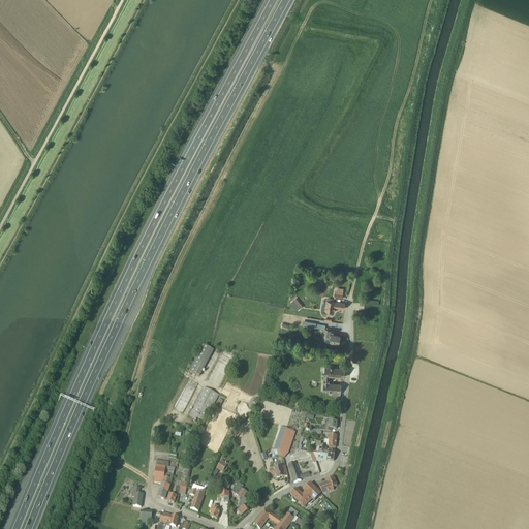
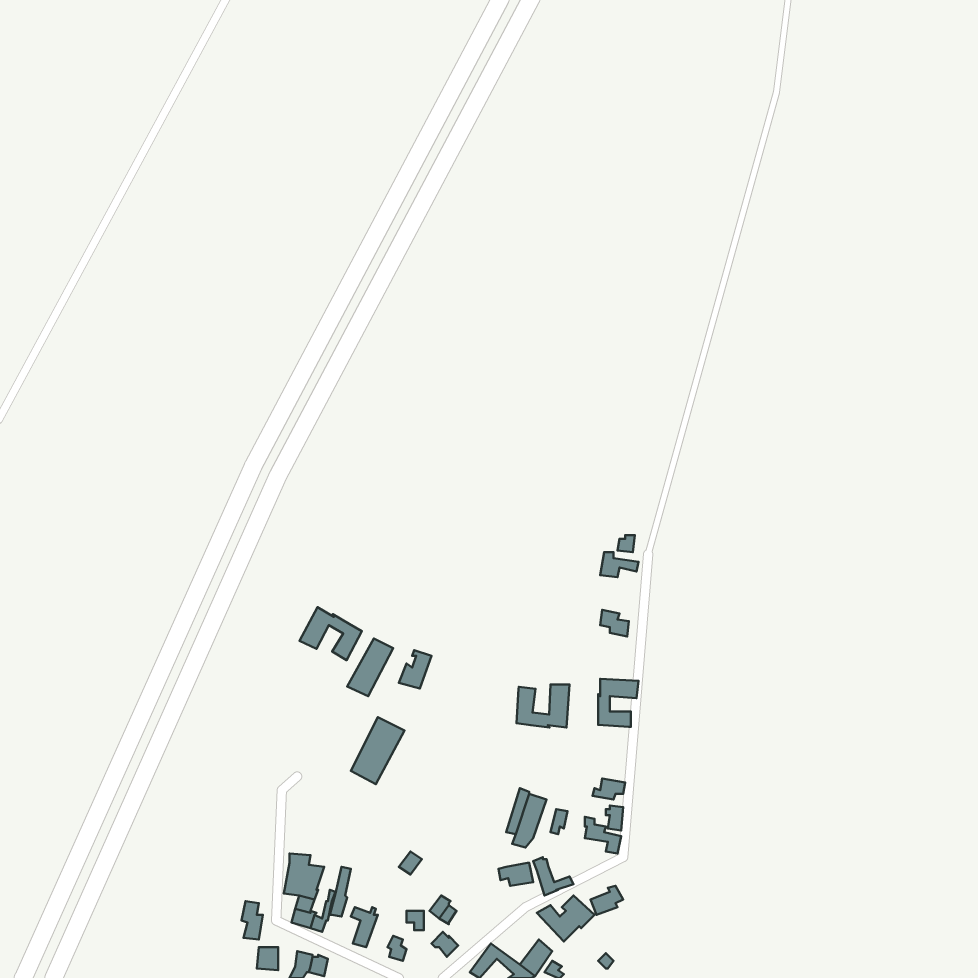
building: none -> [299,607,362,660]
building: none -> [516,684,570,727]

